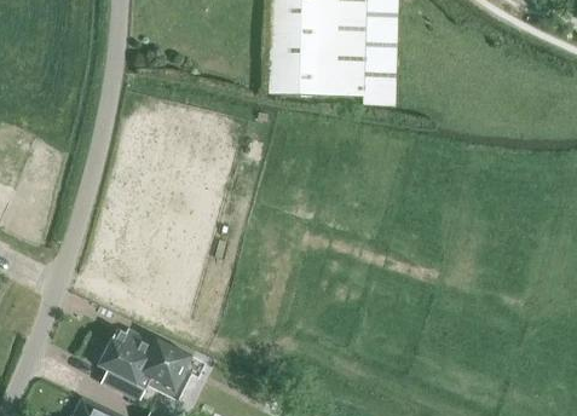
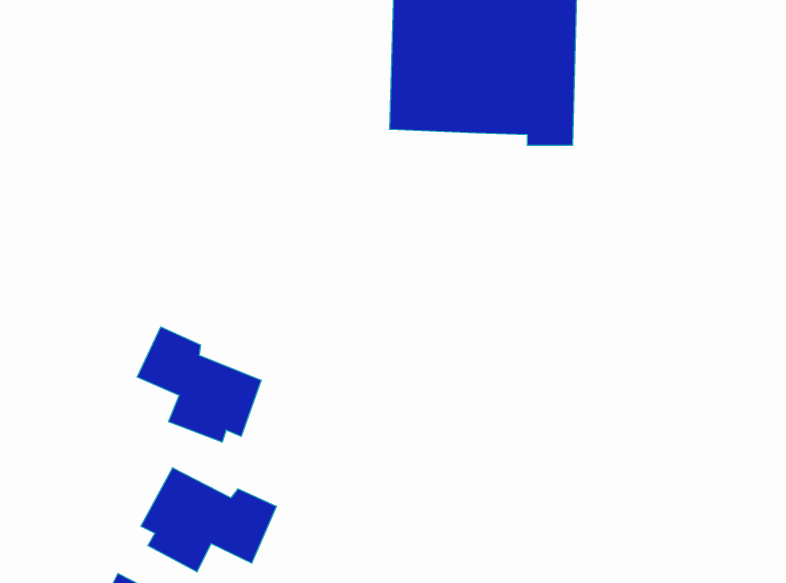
building: none -> [137,327,261,442]

